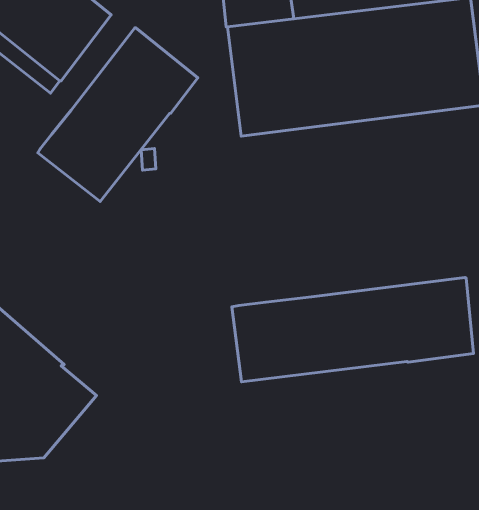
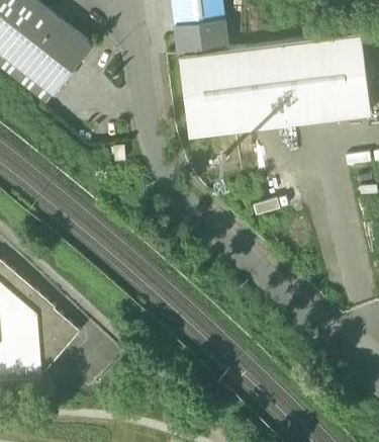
building: [38,28,198,202] -> none
building: [232,278,474,382] -> none

